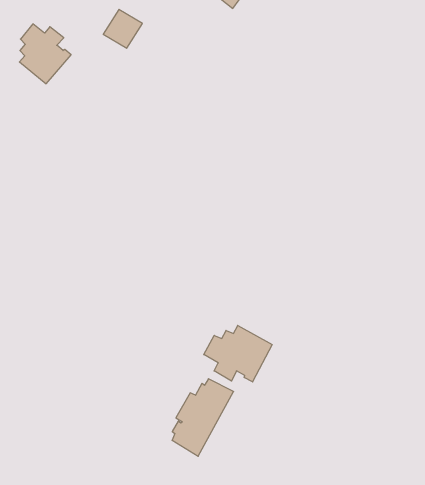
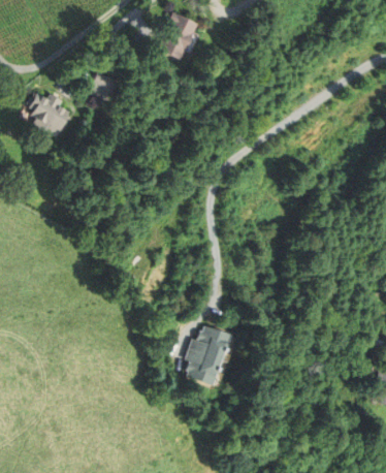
building: [204,325,272,382] -> none

